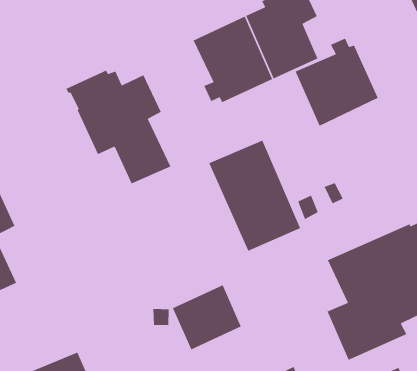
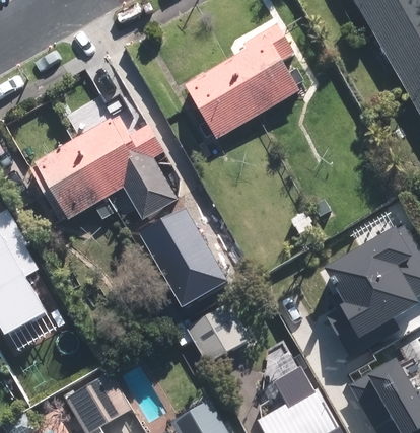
building: [295,37,379,127] -> none
building: none -> [30,138,109,220]
building: [208,139,301,252] -> [139,204,227,305]

